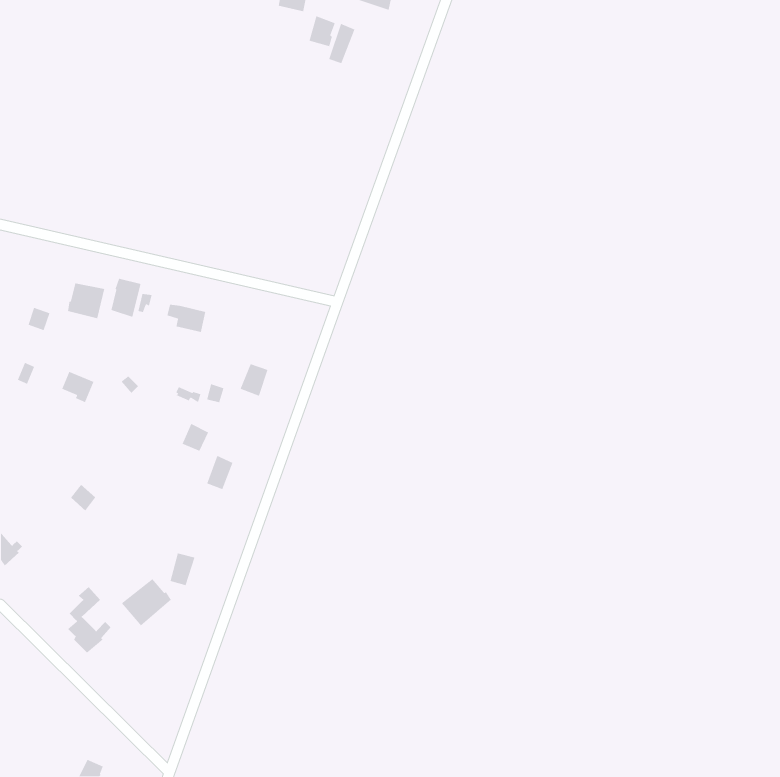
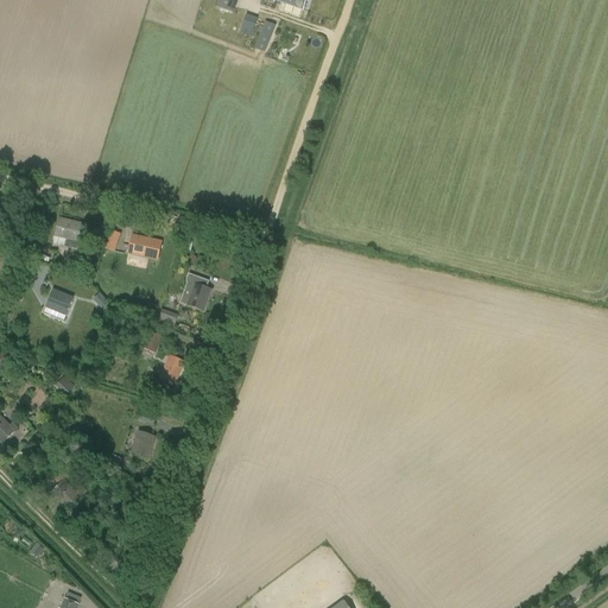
building: [111,278,141,318] -> none
building: [121,578,172,627] -> none

